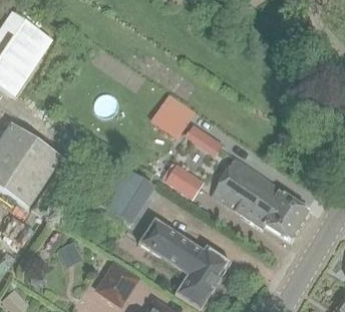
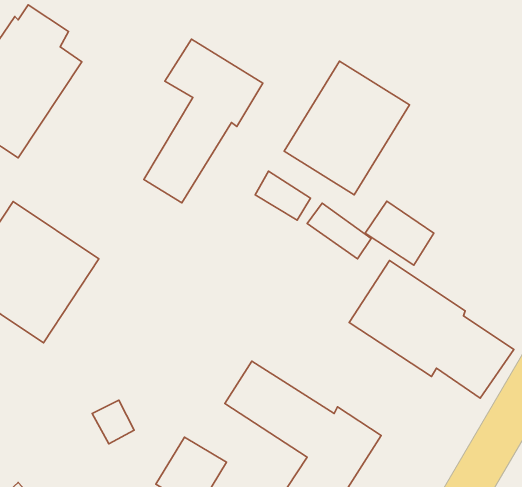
building: none -> [144,39,263,203]
building: none -> [284,61,410,195]
building: [163,163,205,201] -> [365,201,434,265]
building: [99,167,154,223] -> none

